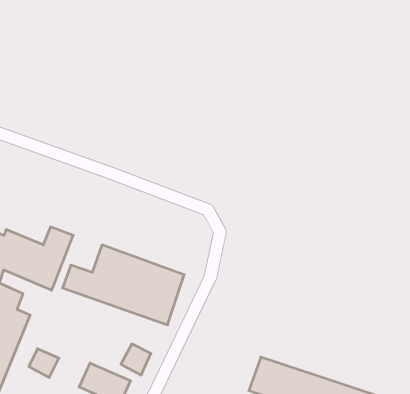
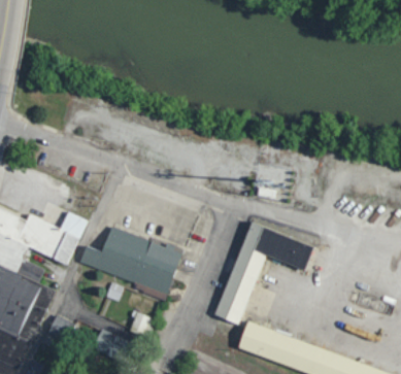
building: none -> [219,222,316,326]

